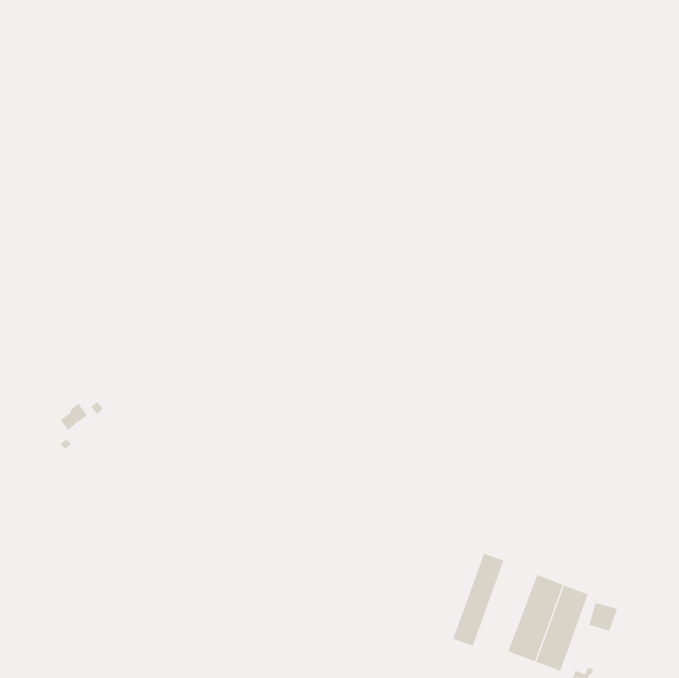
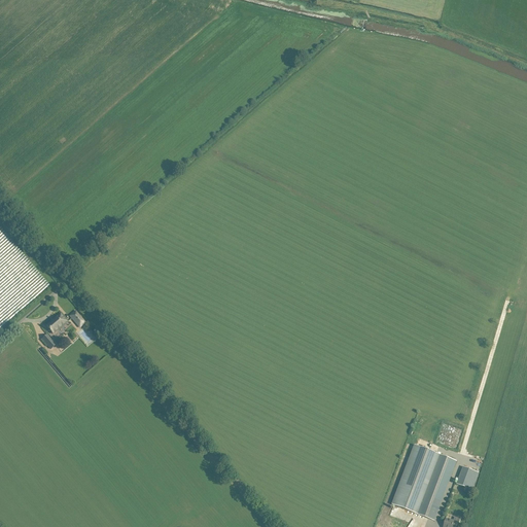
building: [453,553,504,647] -> none

